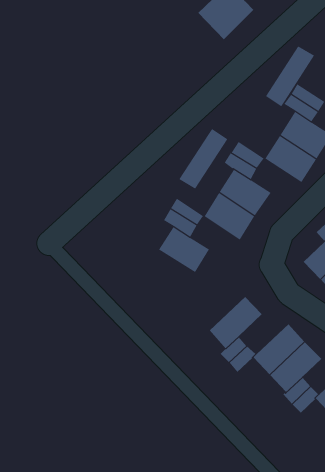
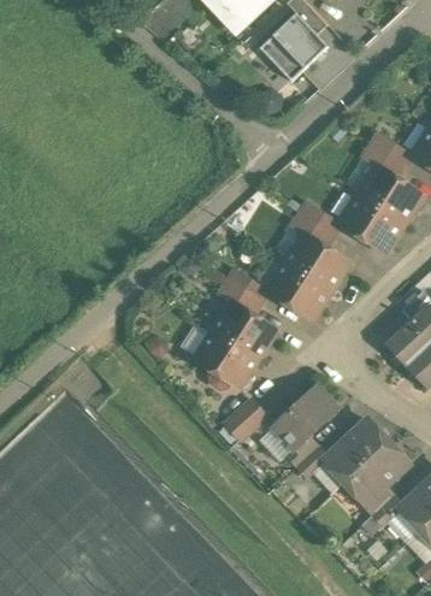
building: [265,46,315,108] -> none
building: [178,127,228,189] -> none
building: none -> [194,330,258,386]
building: none -> [225,400,265,438]

